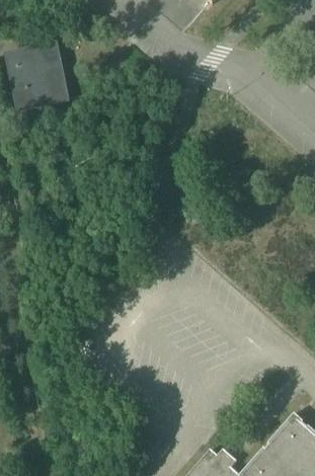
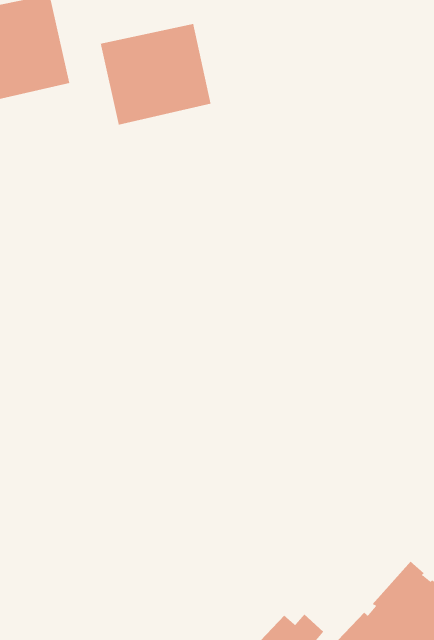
building: none -> [100,23,211,125]

